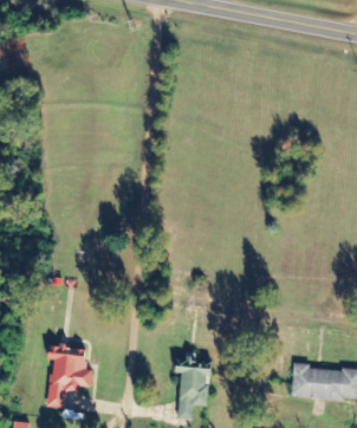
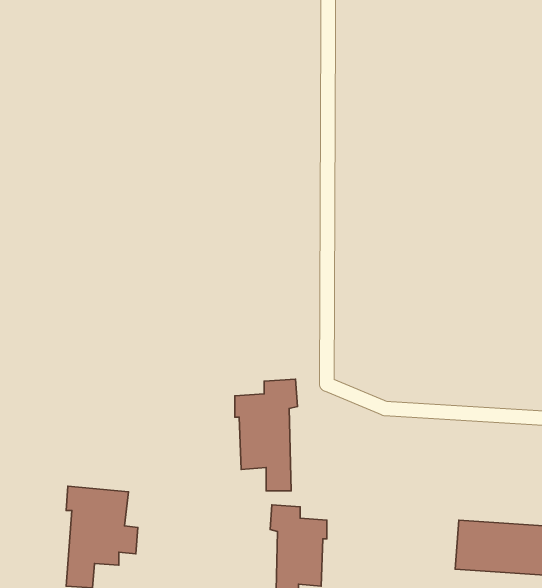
building: none -> [235,379,298,491]

